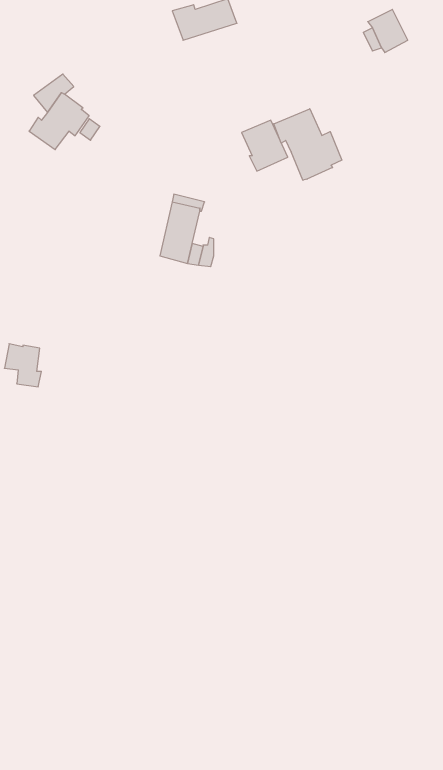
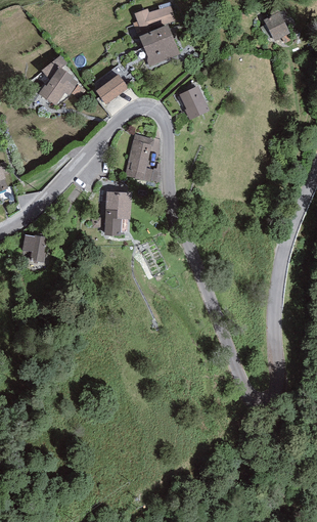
building: none -> [139,24,180,64]
building: none -> [96,74,128,103]
building: [274,109,342,180] -> none
building: none -> [104,190,131,235]

